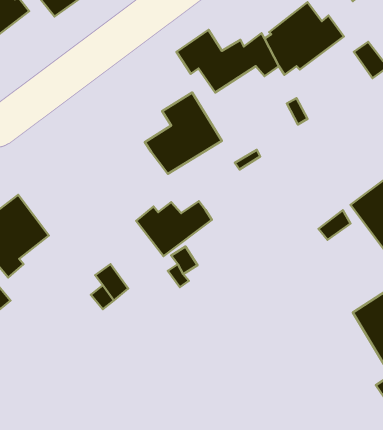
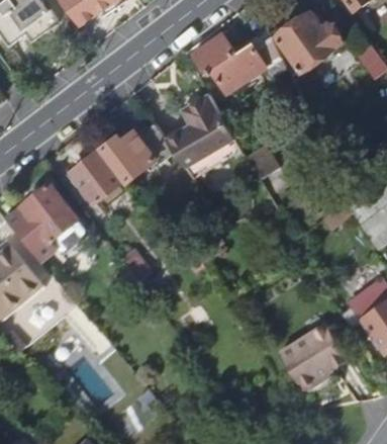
building: none -> [57,151,119,206]
building: [136,201,212,256] -> [100,130,170,181]
building: none -> [280,319,349,388]

